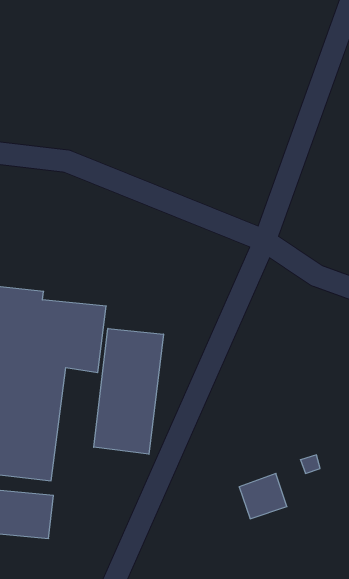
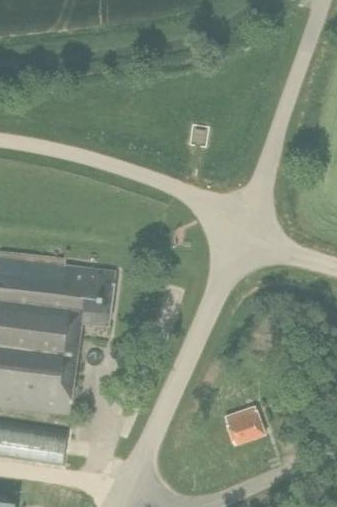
building: [94,328,163,454] -> none

